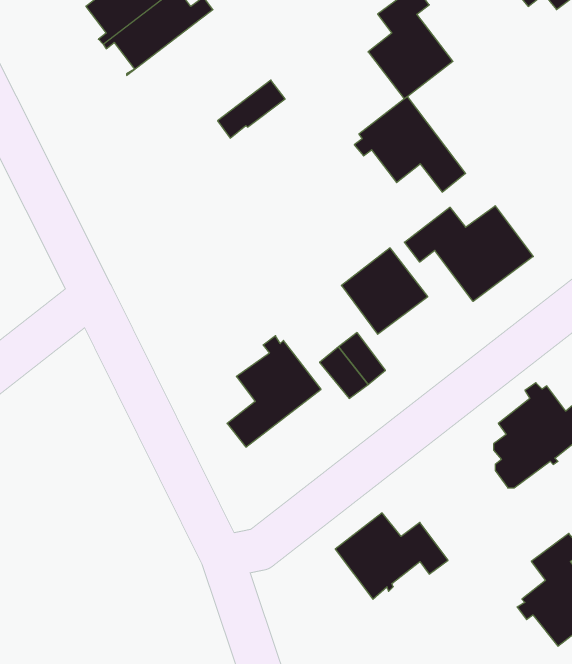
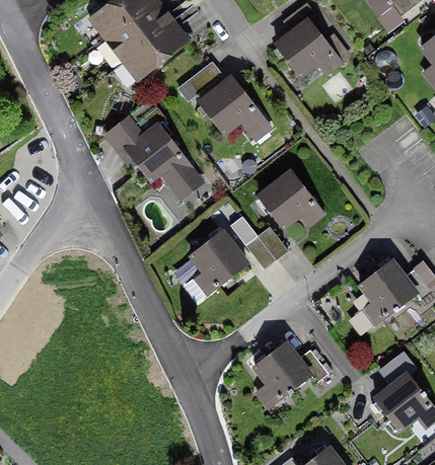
building: none -> [120,18,184,78]
building: [354,96,466,192] -> [196,78,268,140]
building: none -> [126,100,194,188]
building: [404,206,533,301] -> none

